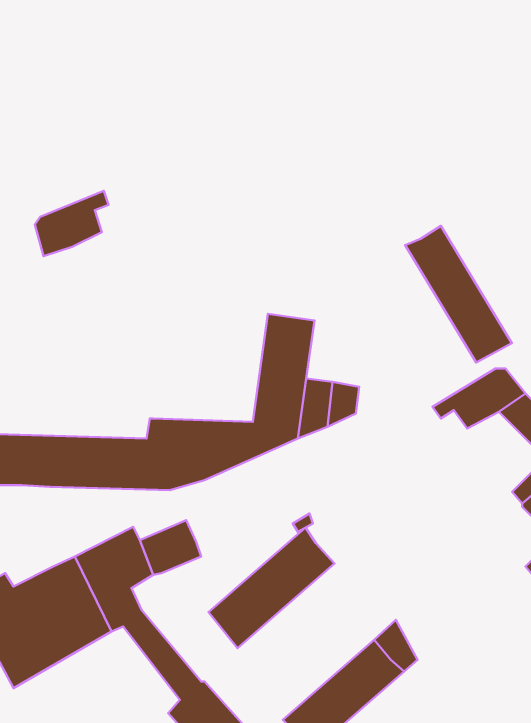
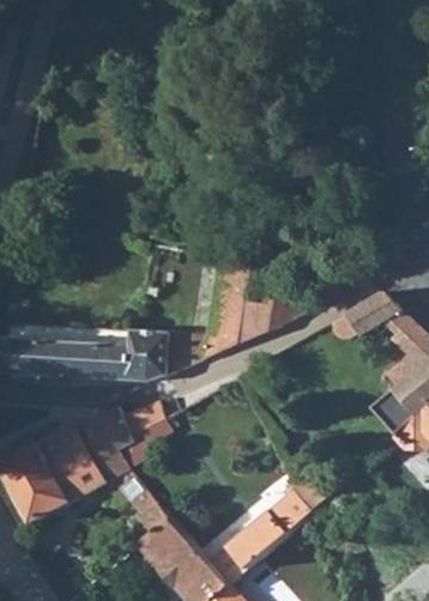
building: [35,191,108,256] -> none
building: [405,226,512,362] -> none
building: [208,527,335,648] -> none

